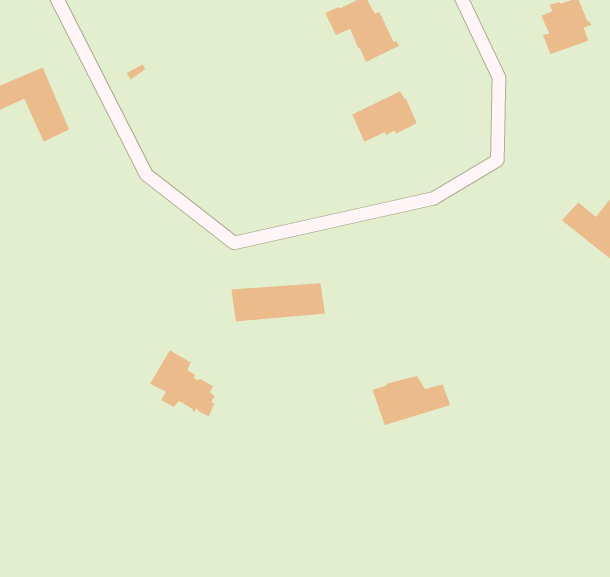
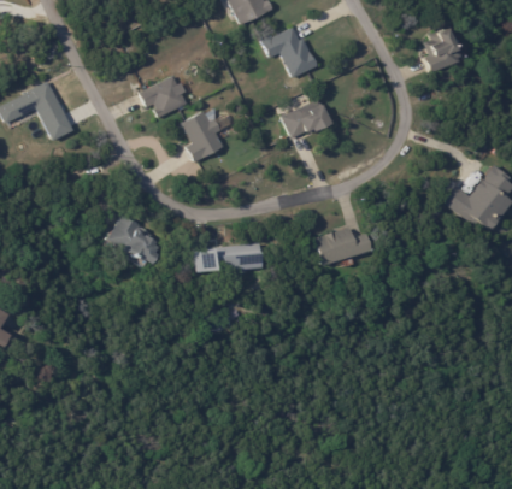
building: none -> [141,75,188,117]
building: none -> [182,110,224,163]
building: [149,349,216,418] -> [108,214,159,266]
building: [372,375,451,426] -> [316,229,376,267]

